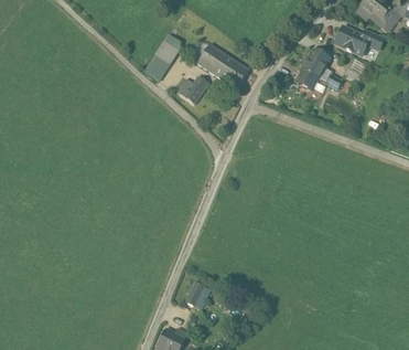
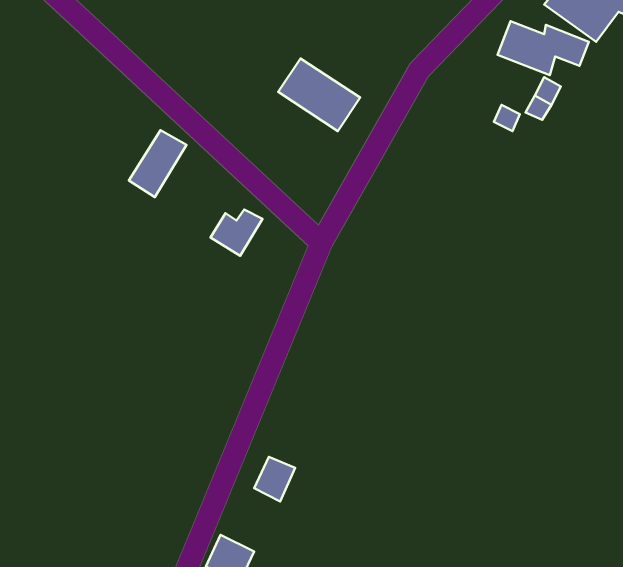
building: [146,41,180,81] -> [129,130,186,197]
building: [299,49,332,91] -> none
building: [179,75,209,103] -> [211,209,263,256]

